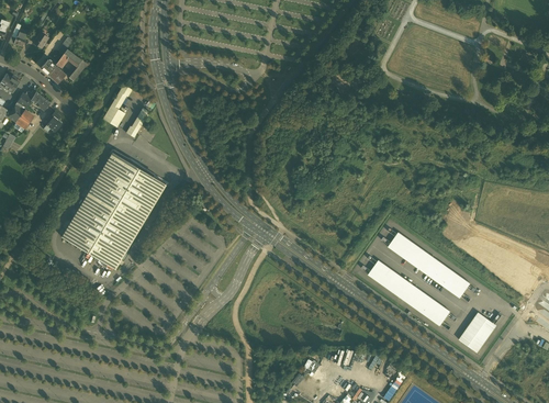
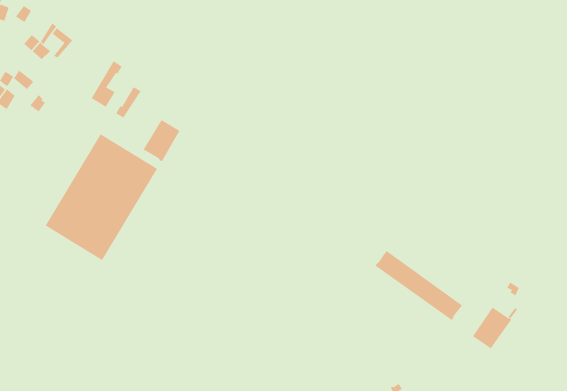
building: none -> [143,119,180,162]
building: [388,234,470,299] -> none

